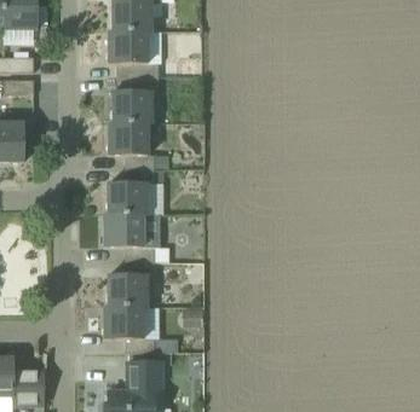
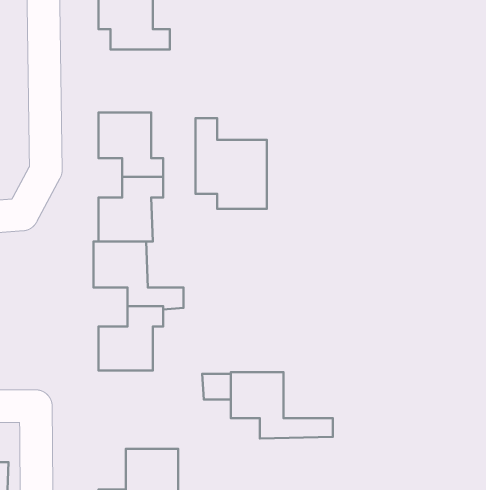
building: [113,76,159,121] -> none
building: none -> [195,118,267,209]
building: [104,304,177,352] -> [231,372,333,439]

